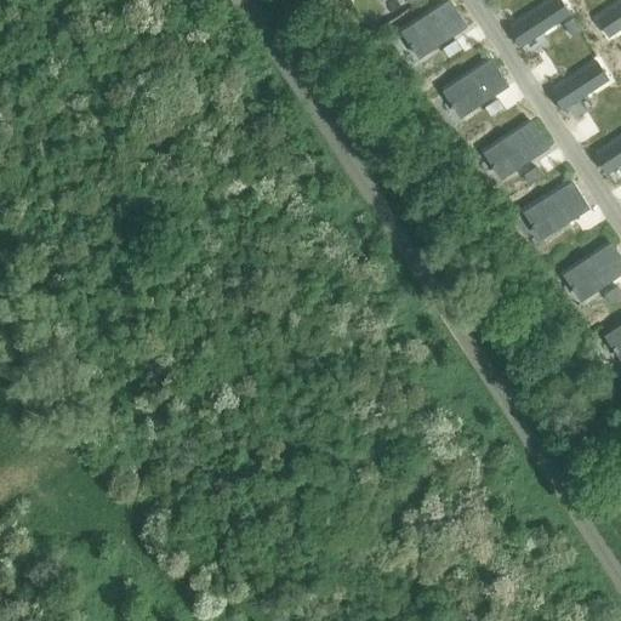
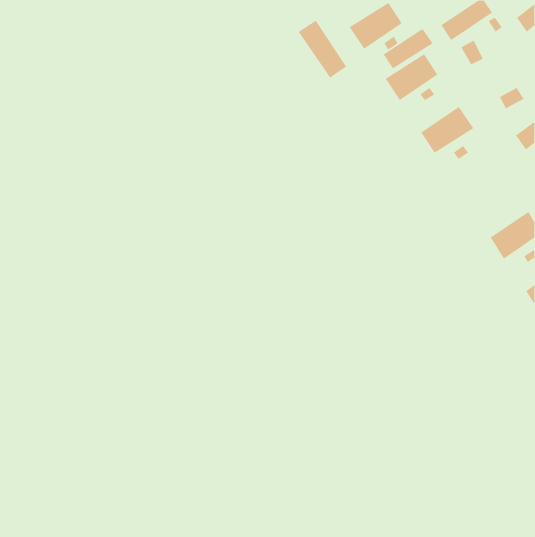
building: none -> [298,20,347,78]
building: [549,63,608,110] -> [383,28,433,69]
building: [525,183,587,238] -> none

